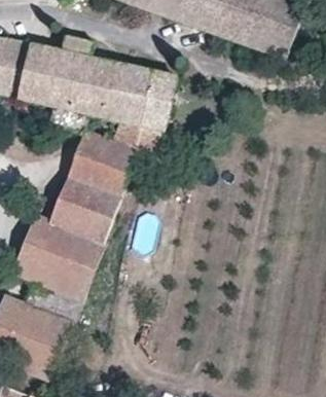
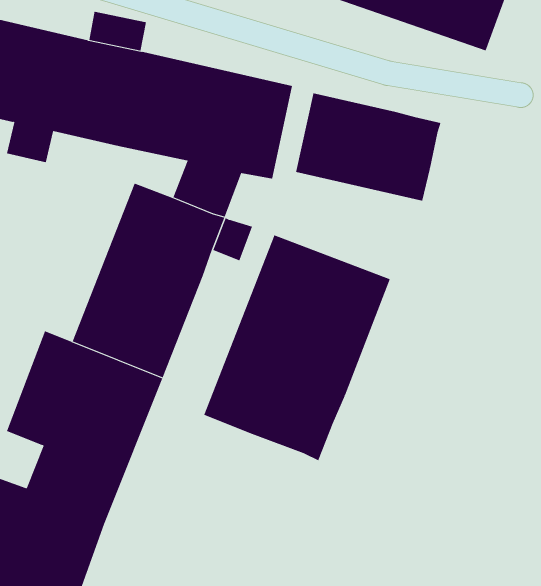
building: none -> [296,93,441,202]
building: none -> [204,234,391,461]

